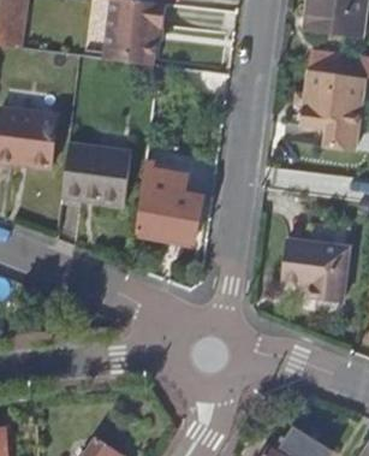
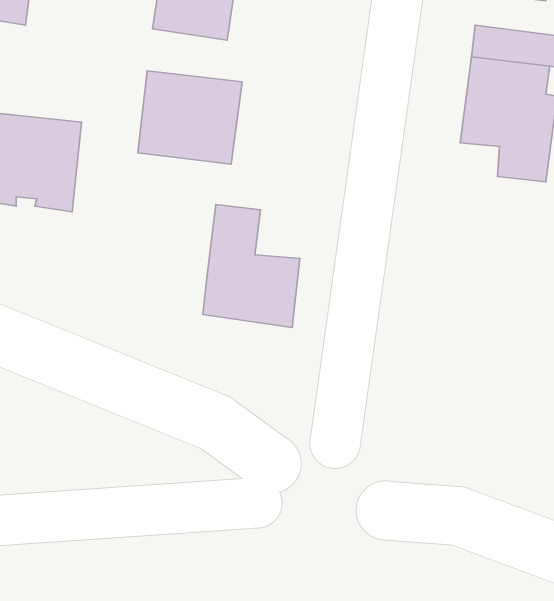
building: [63,143,130,203] -> [138,71,242,164]
building: [282,237,351,302] -> none

